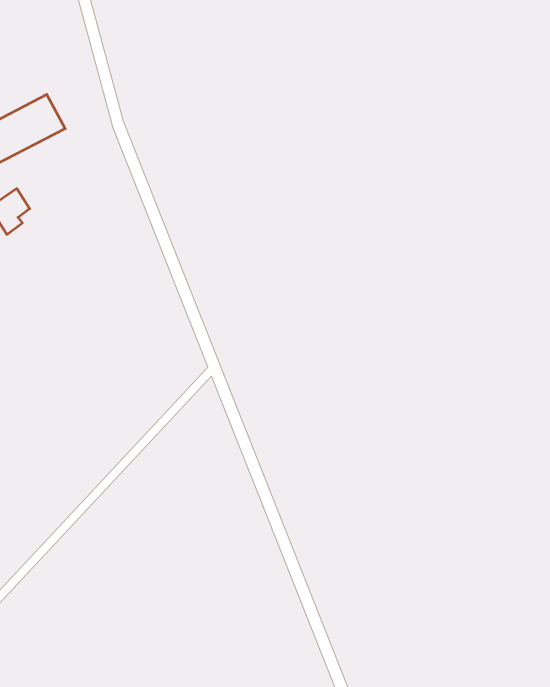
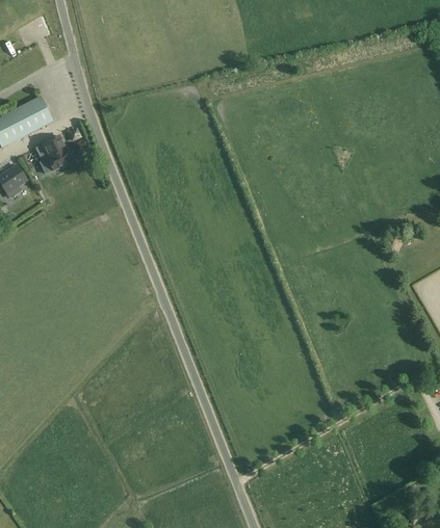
building: none -> [36,135,73,173]

